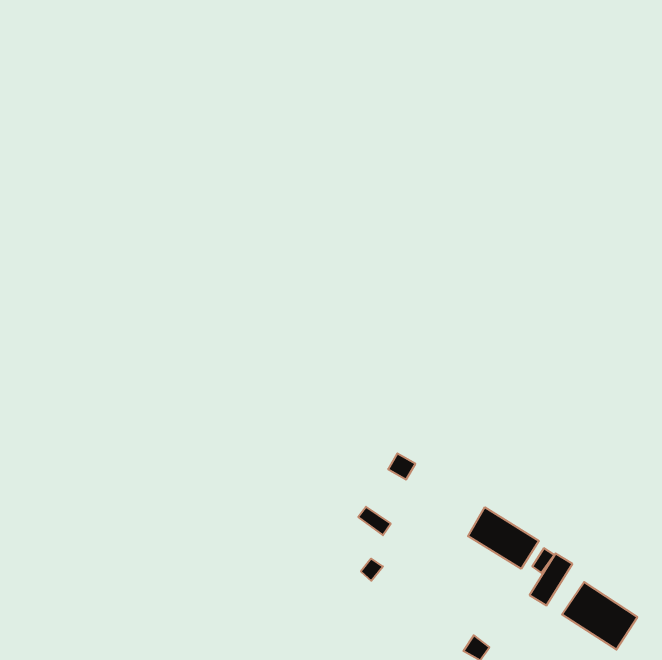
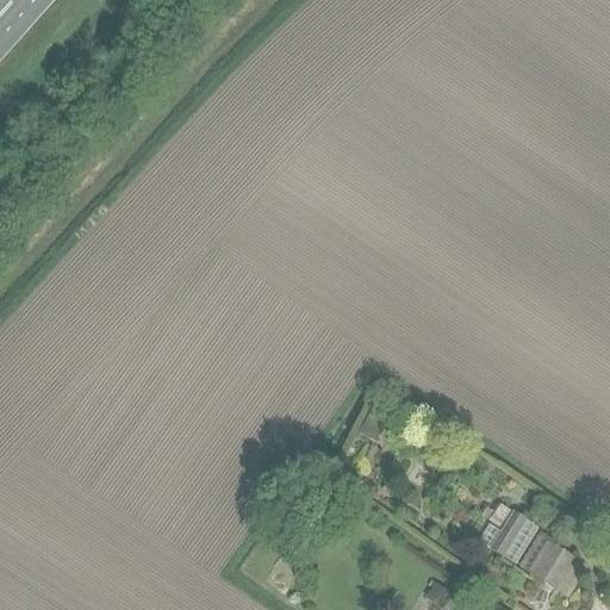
building: [468,507,539,569] -> none

